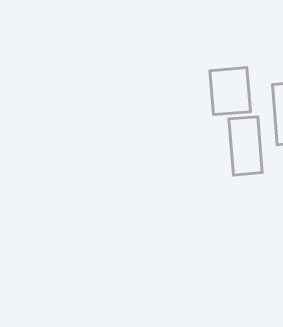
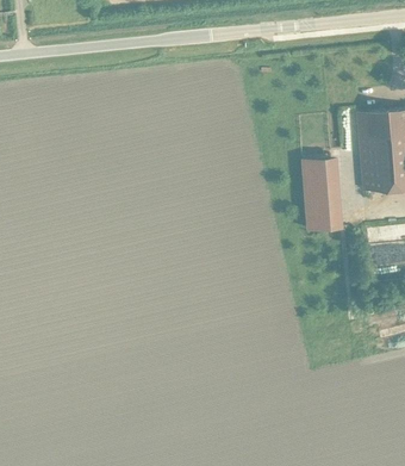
building: [210,67,251,115] -> none

